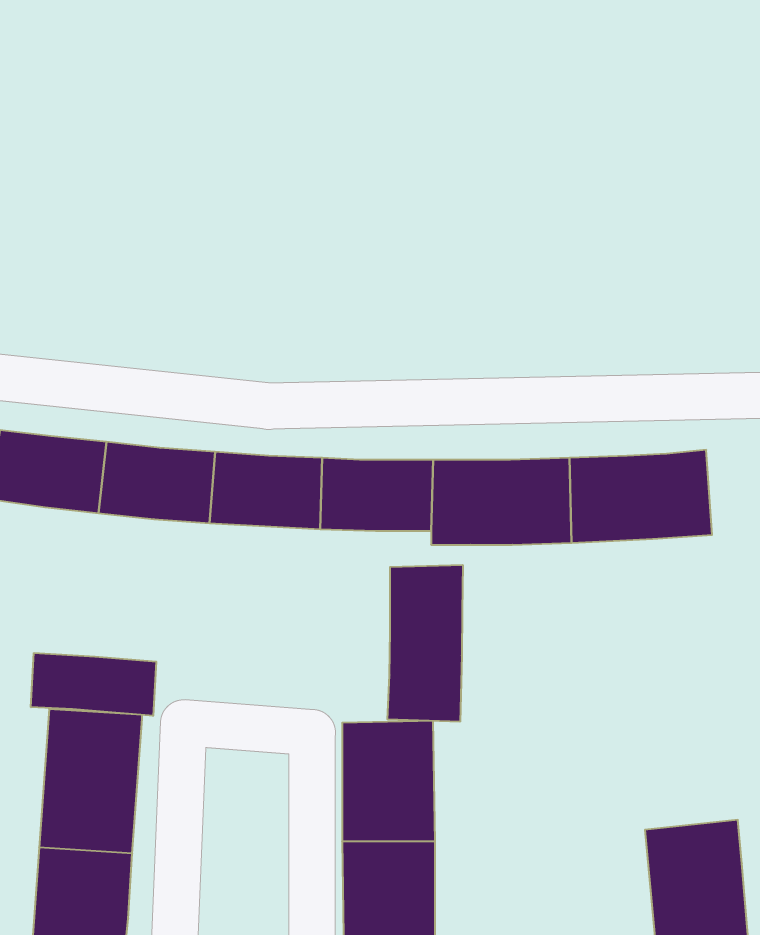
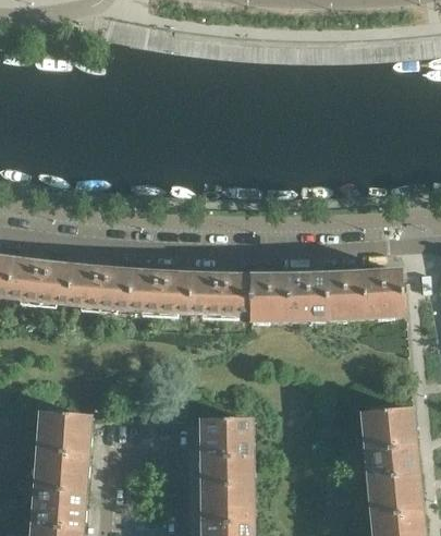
building: [387,565,463,722] -> none
building: [31,653,156,716] -> none
building: none -> [360,406,418,477]

